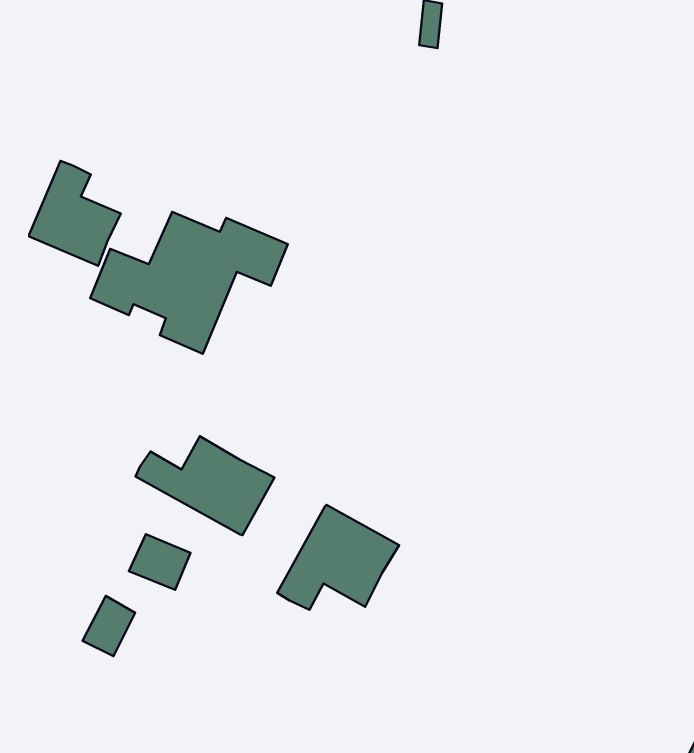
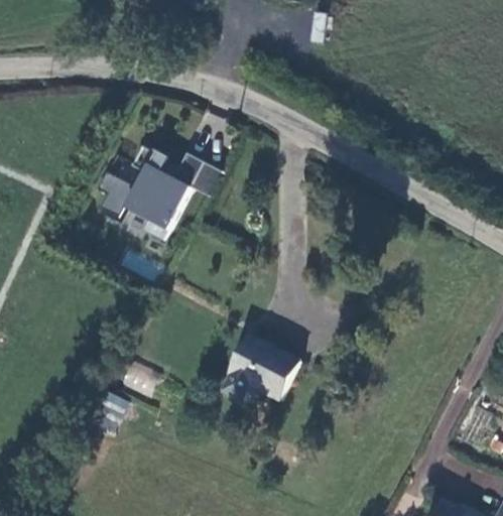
building: [29,161,121,266] -> none
building: [135,436,274,535] -> none

